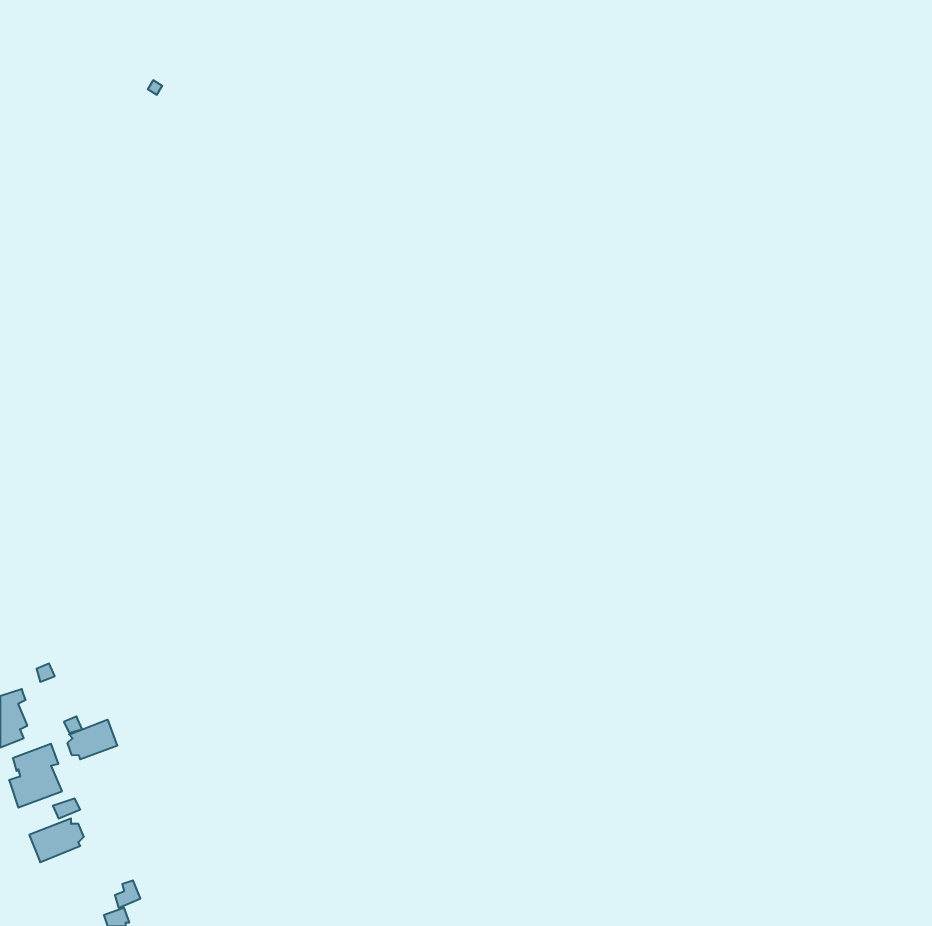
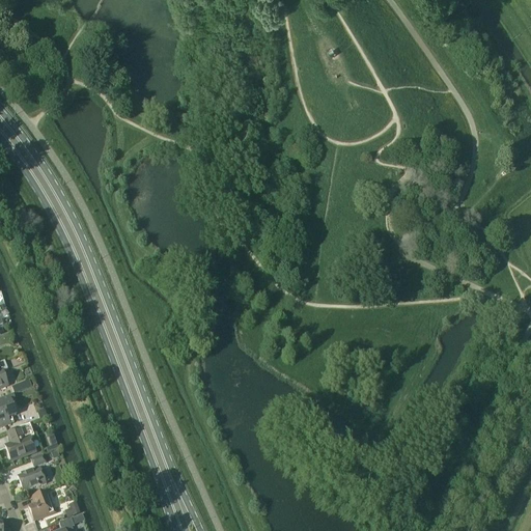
building: [68,720,117,759] -> none
building: none -> [28,490,53,520]

